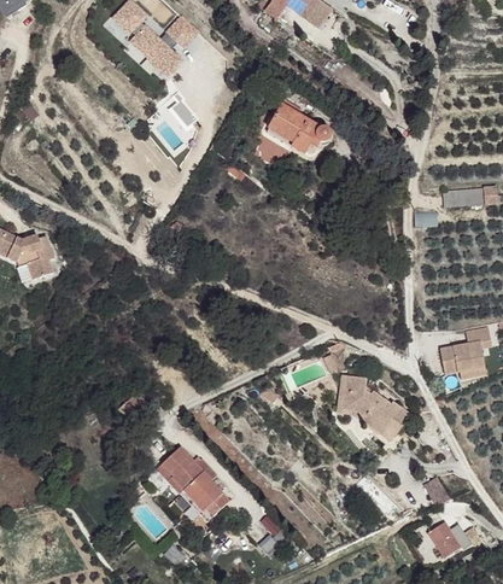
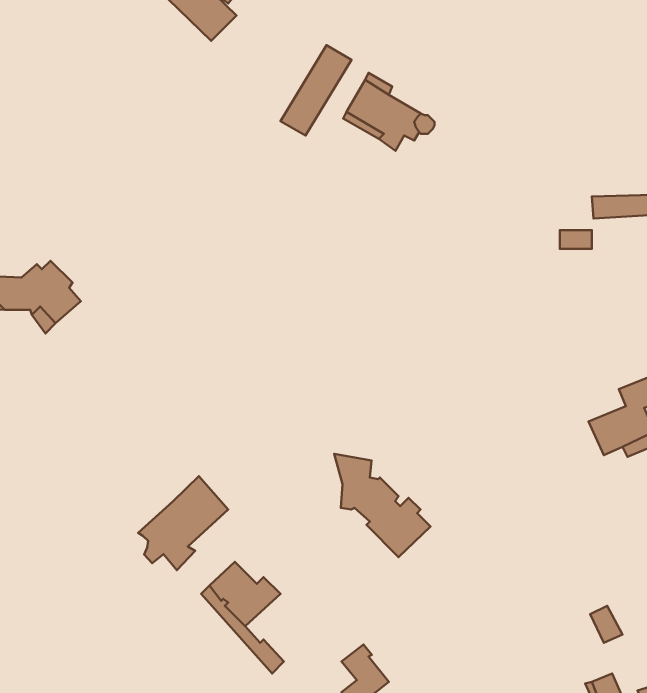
building: none -> [280,45,351,135]
building: [346,379,415,452] -> [334,454,431,557]
building: none -> [138,476,228,570]
building: [189,469,235,518] -> none

